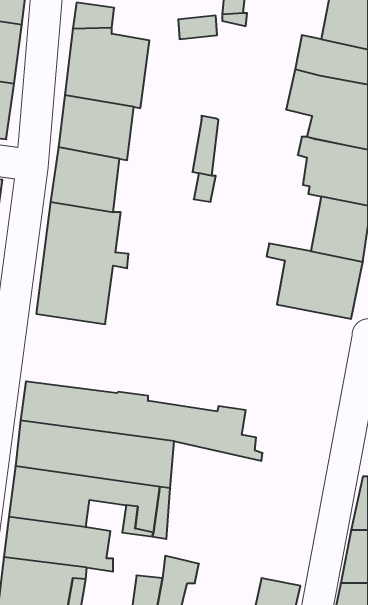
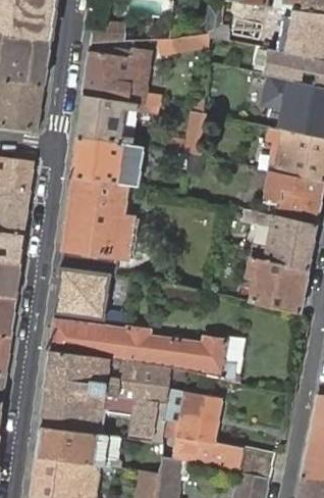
building: none -> [247,258,308,312]
building: none -> [54,265,122,320]
building: none -> [171,390,273,479]

